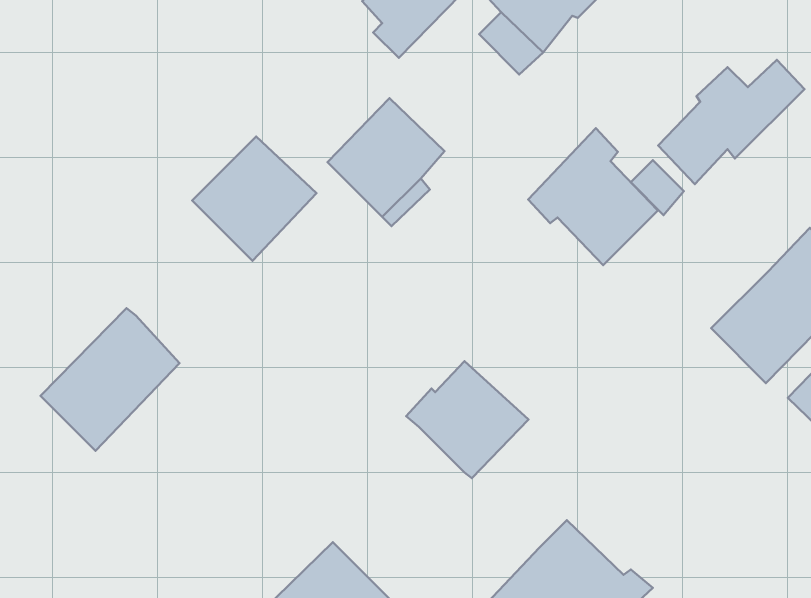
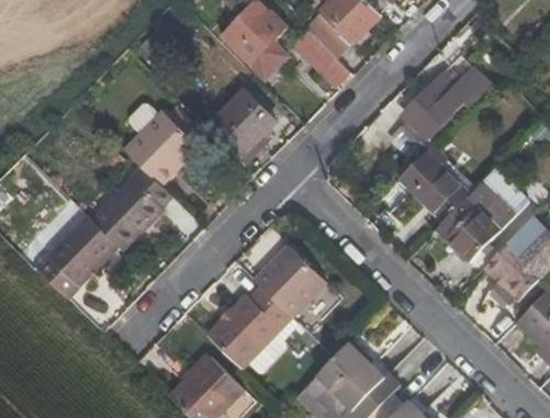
building: [528,128,658,265] -> [393,144,471,226]
building: none -> [91,166,173,251]
building: none -> [207,286,289,366]

